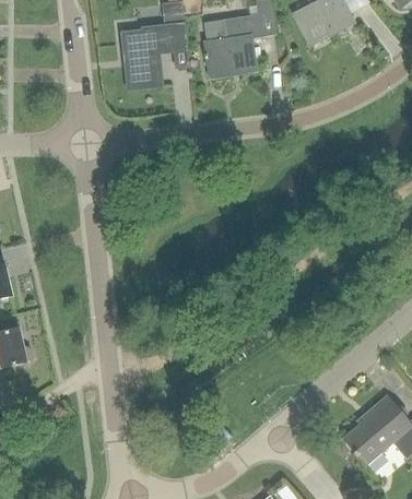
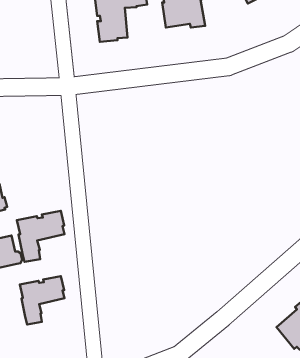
building: none -> [17,211,64,262]
building: none -> [20,276,64,324]

